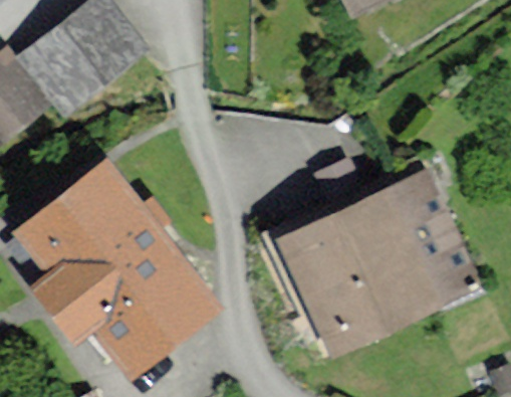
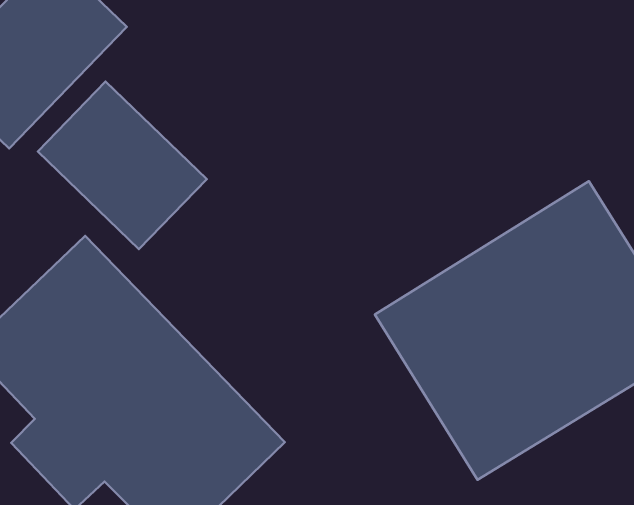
building: none -> [38,82,207,249]

